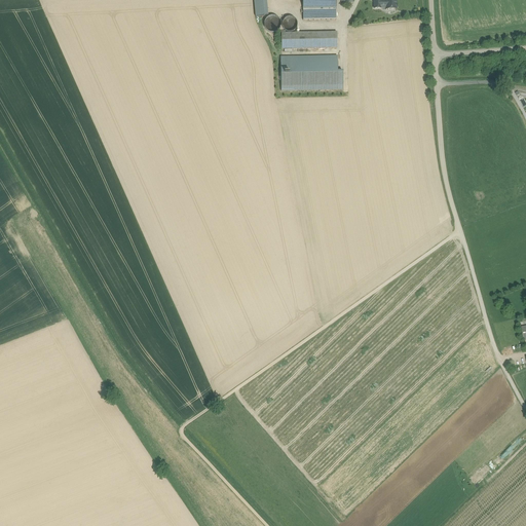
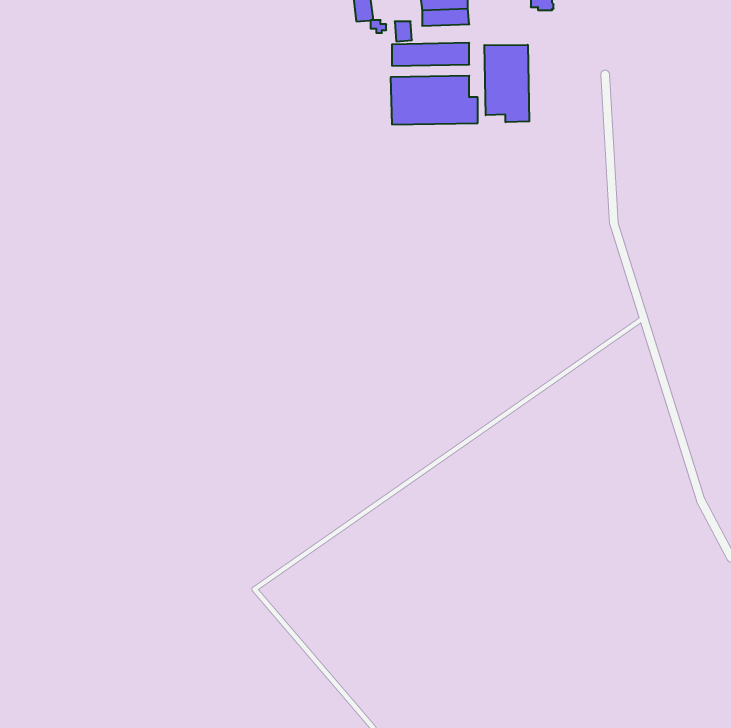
building: none -> [484,45,529,122]

